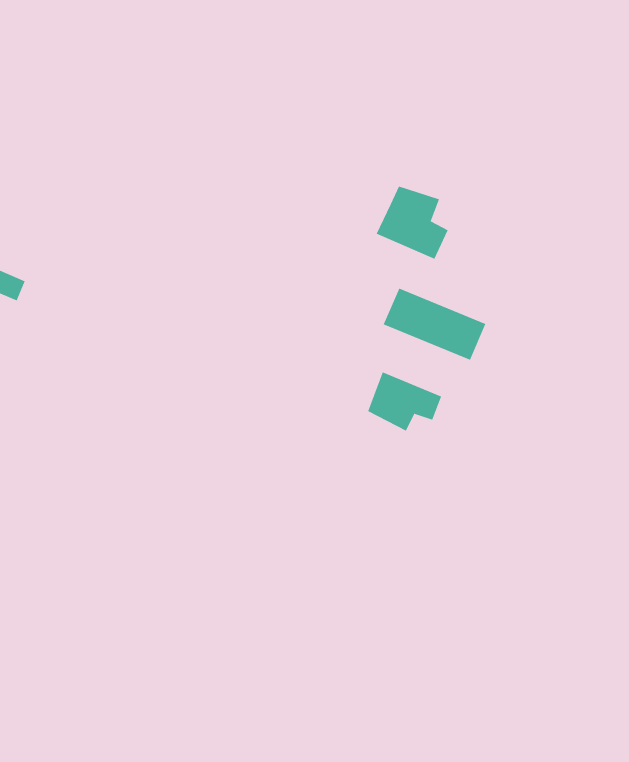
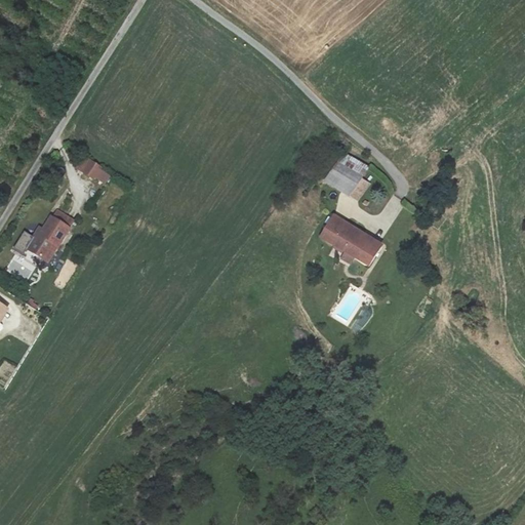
building: [368,372,442,431] -> none

